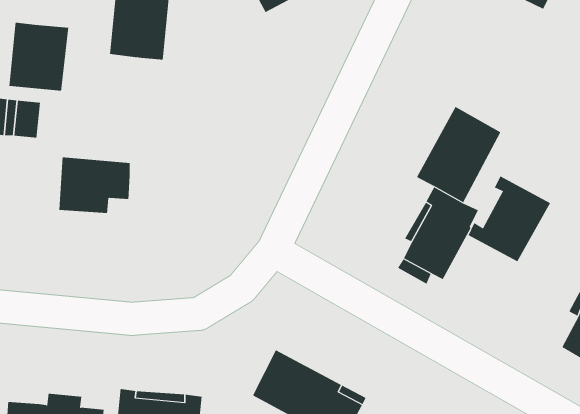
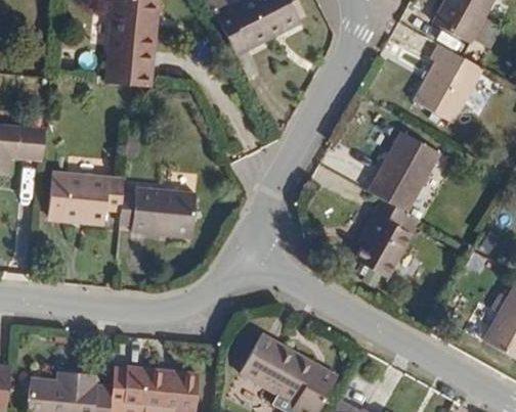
building: none -> [420,46,491,130]
building: [9,22,69,91] -> none
building: none -> [120,183,198,233]
building: [468,175,551,262] -> none

